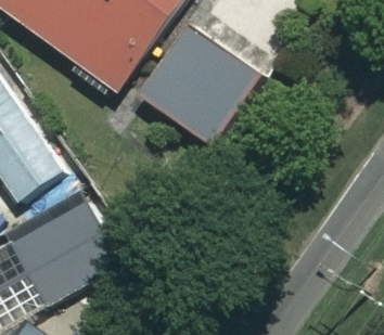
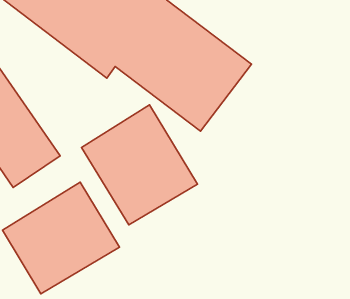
building: none -> [82,105,198,225]

